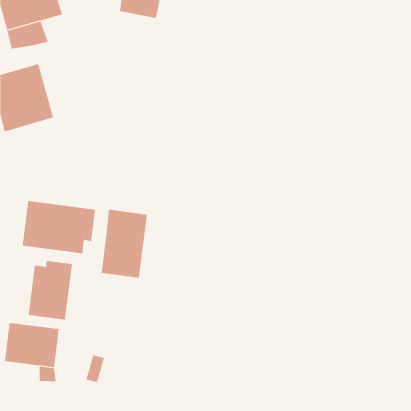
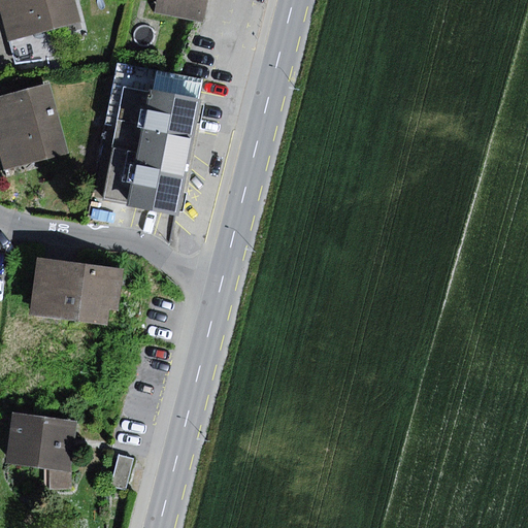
building: none -> [101,63,203,216]
building: [101,209,147,278] -> none
building: [28,260,72,320] -> none

